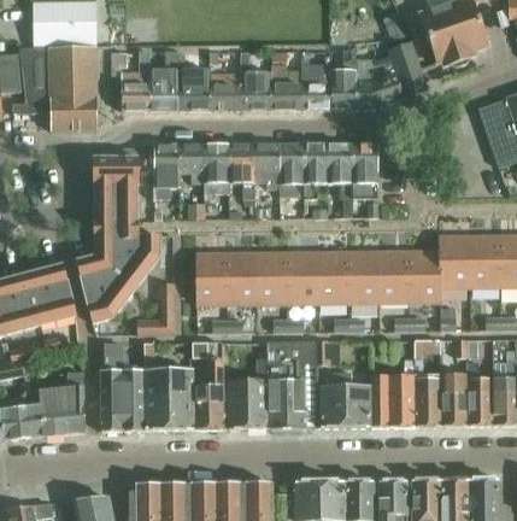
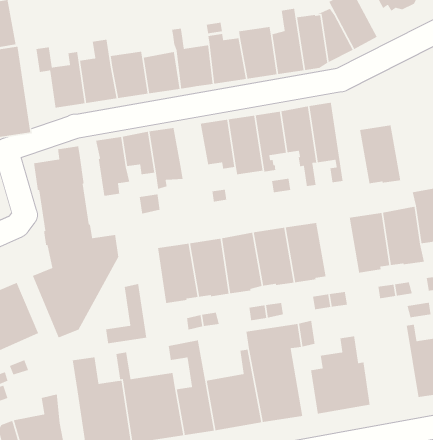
building: [229,144,254,198] -> none
building: [347,251,378,304] -> [359,125,401,184]
building: [371,358,416,427] -> none

